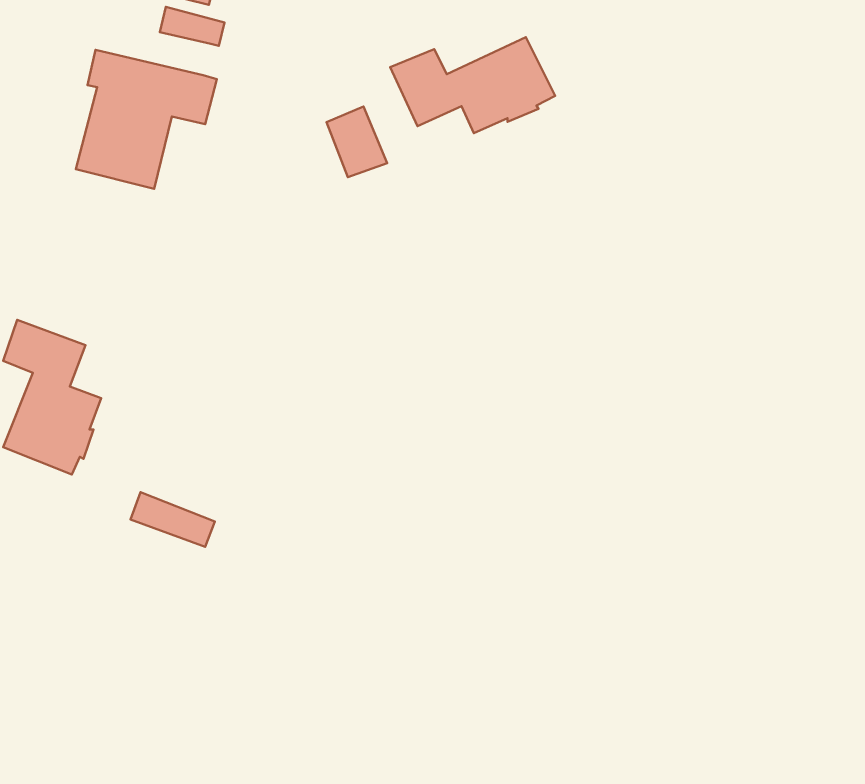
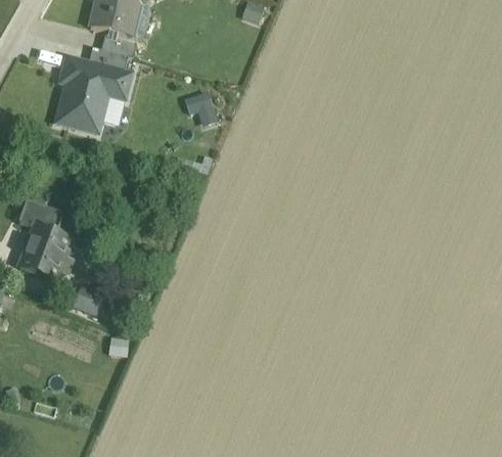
building: none -> [89,46,128,71]
building: [390,37,555,133] -> none

